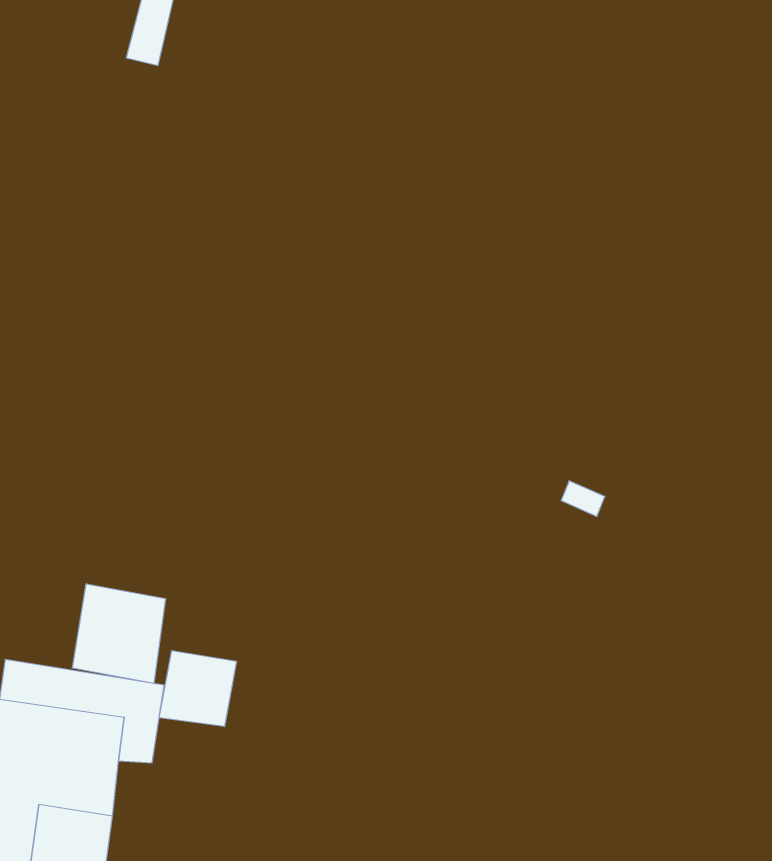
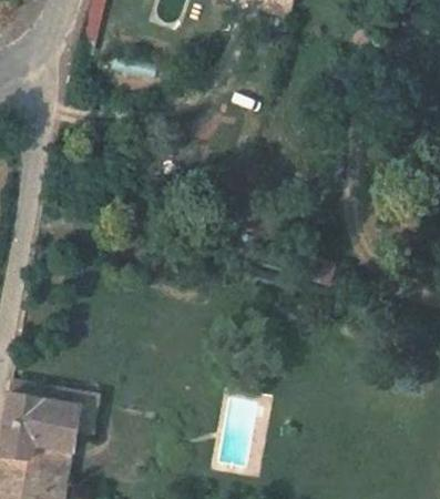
building: [73,584,165,684] -> none
building: [159,651,237,727] -> none

